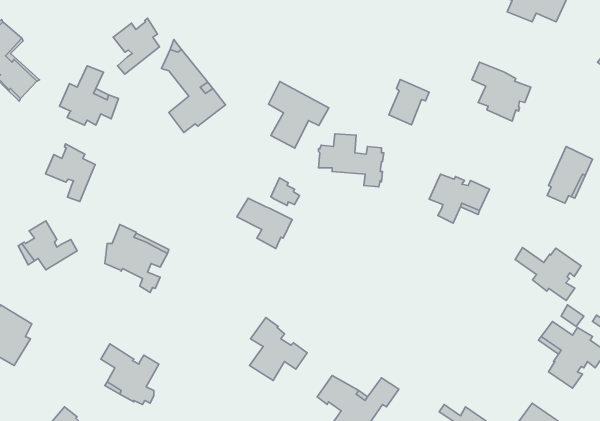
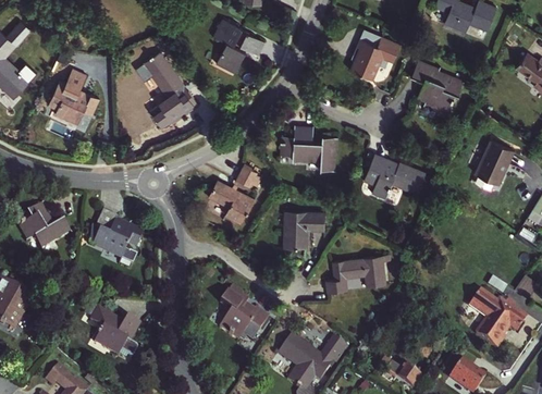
building: [113,18,160,74] -> none
building: [389,80,429,125] -> [352,37,386,76]
building: [268,81,329,148] -> [214,16,267,74]
building: [45,144,95,202] -> none
building: none -> [285,210,325,248]
building: [515,248,581,301] -> none
building: none -> [328,257,384,293]

